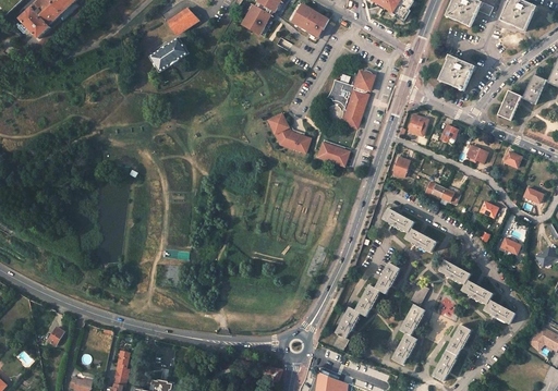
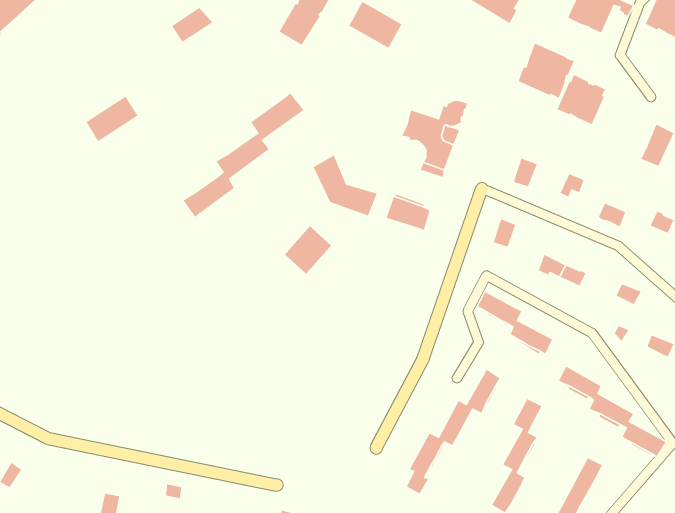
building: none -> [517,43,575,99]
building: [149,38,186,71] -> [86,96,138,142]
building: none -> [183,92,305,218]
building: none -> [284,226,332,274]

